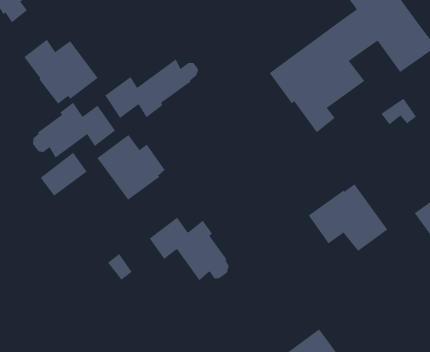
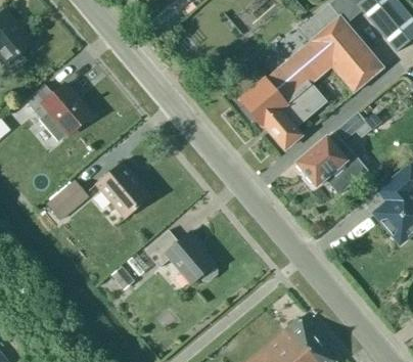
building: [104,59,199,119] -> none
building: [32,102,116,158] -> none
building: [308,183,388,254] -> [295,132,366,193]

